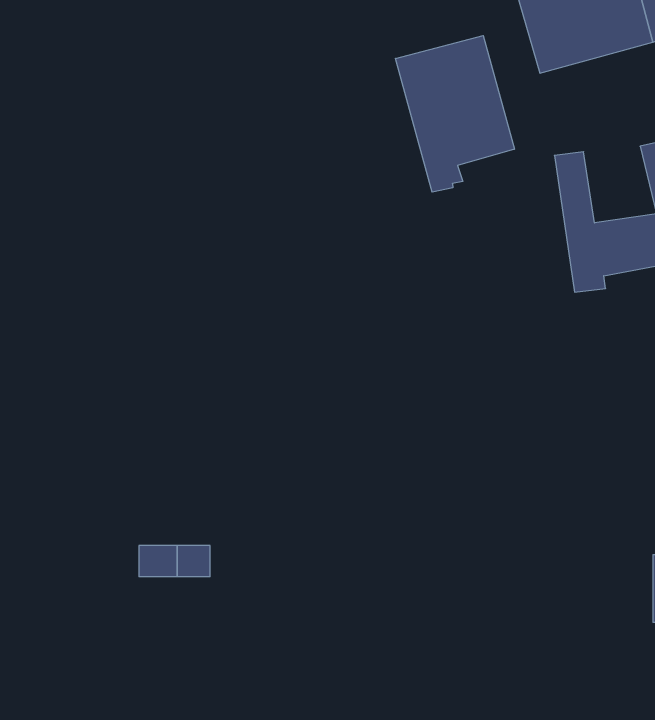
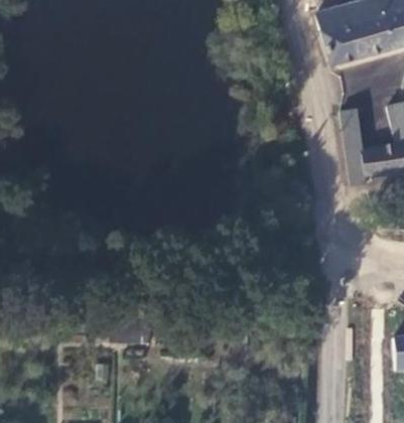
building: [395,36,514,192] -> none

